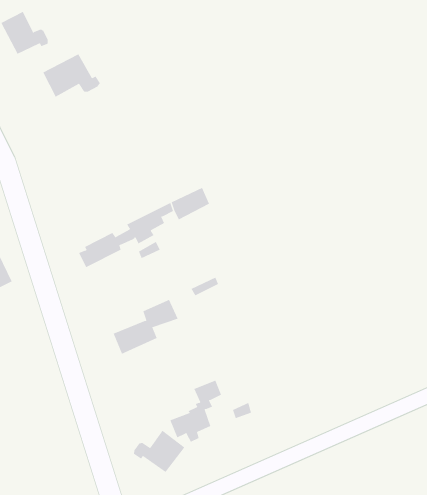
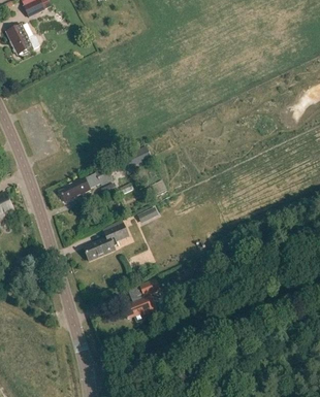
building: [43,54,101,97] -> none
building: [133,430,185,473] -> none

